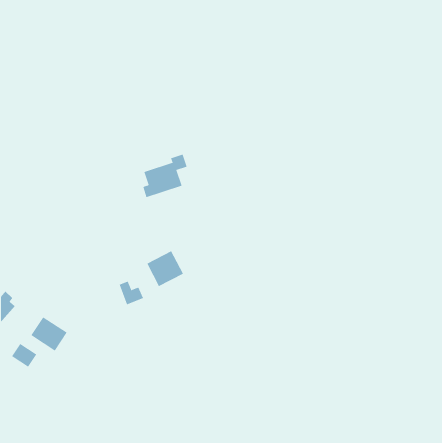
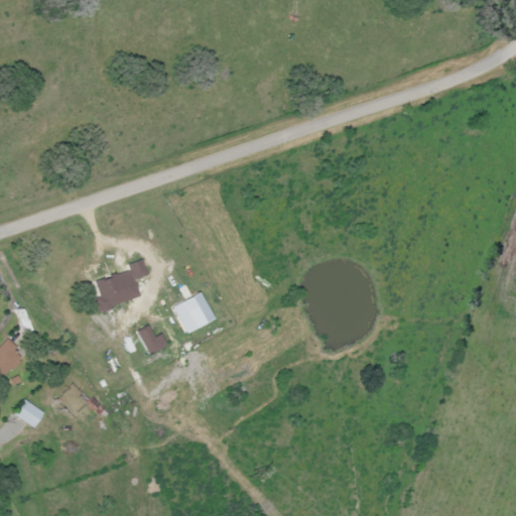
building: [143,154,188,198] -> [94,260,146,311]
building: [31,316,67,351] -> none

